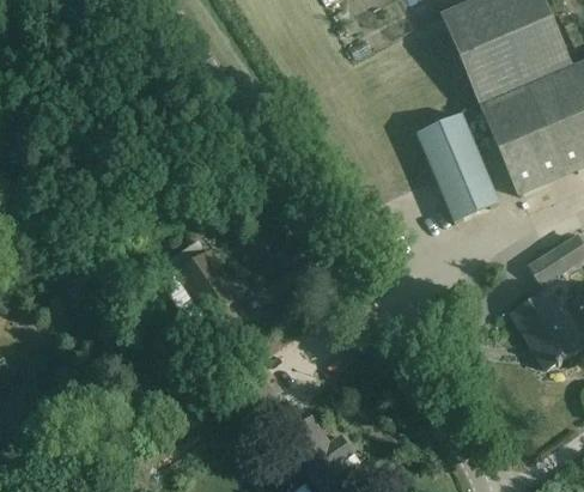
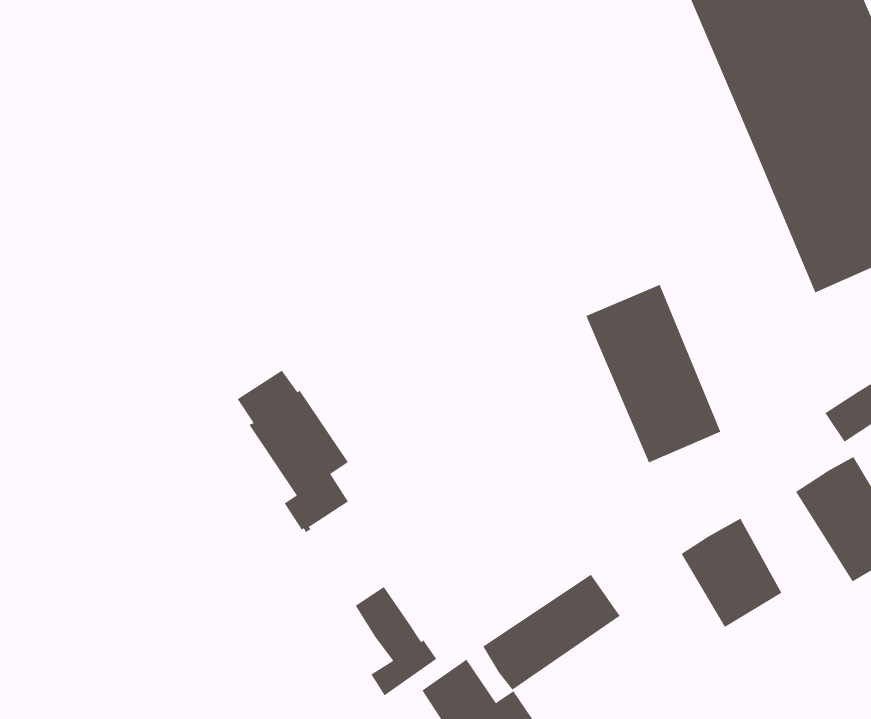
building: [418,113,500,221] -> [585,284,721,463]
building: none -> [681,518,782,628]
building: none -> [482,574,621,690]

